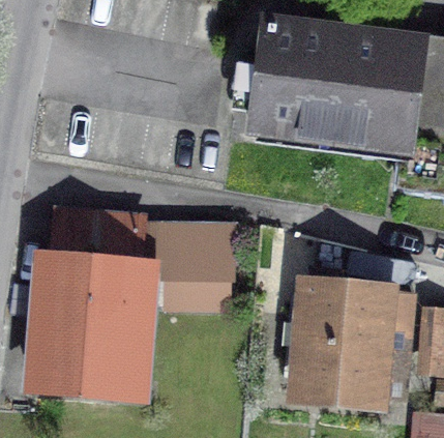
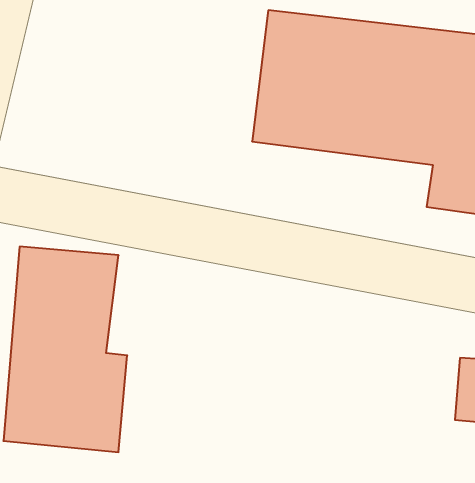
building: [159,236,238,312] -> none
building: [298,267,408,400] -> none

